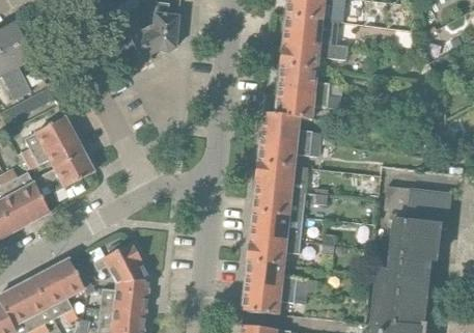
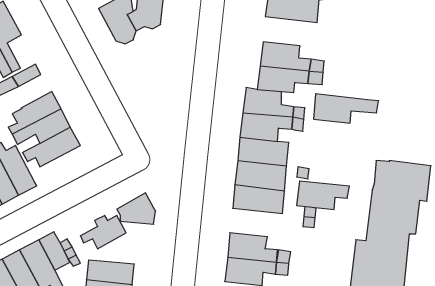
building: [281,39,347,70] -> [314,94,379,123]
building: [247,235,301,265] -> [297,181,349,209]
building: [112,260,151,293] -> [117,193,156,224]

